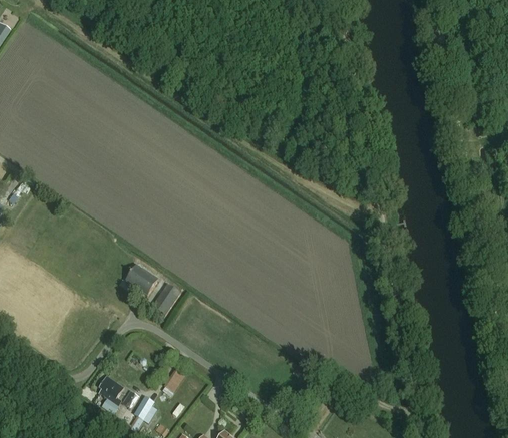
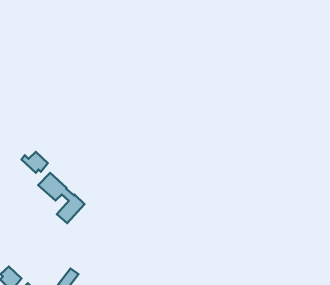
building: none -> [21,152,48,173]

